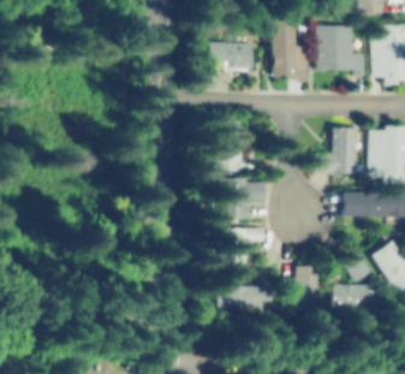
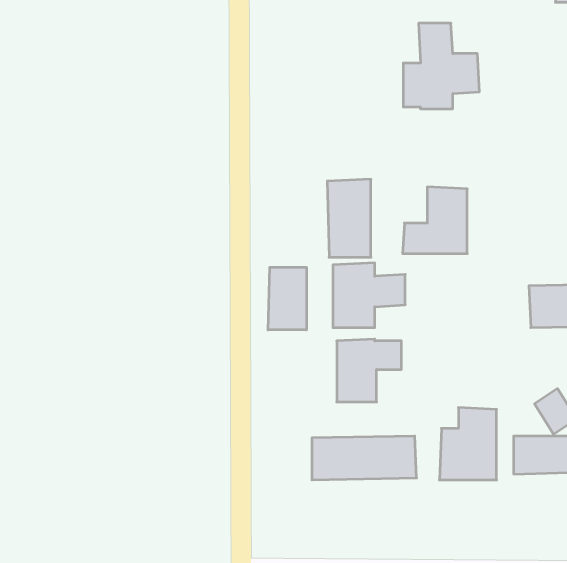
building: [317,29,353,69] -> none
building: [201,40,251,66] -> none
building: [315,130,356,172] -> [403,187,467,254]
building: none -> [268,267,306,330]

